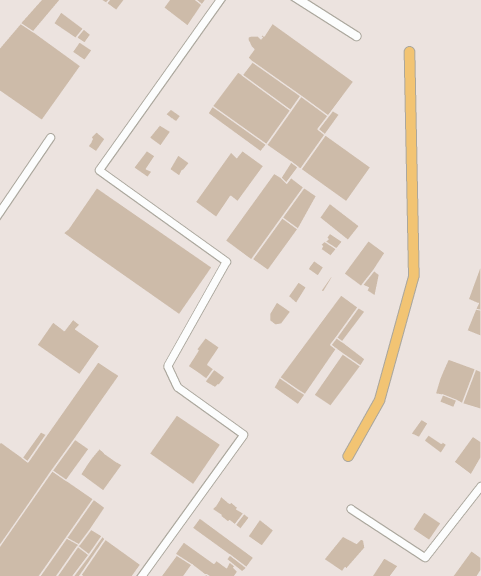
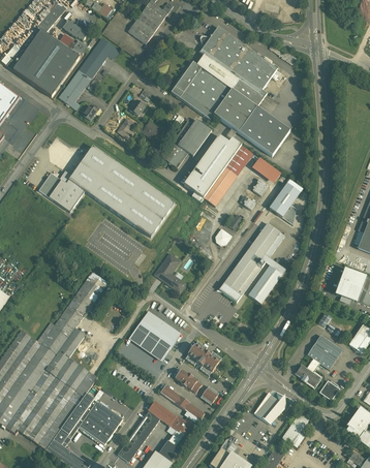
building: none -> [128,14,157,42]
building: none -> [59,36,120,110]
building: [37,319,100,375] -> [39,170,85,211]
building: [81,448,122,491] -> none
building: none -> [296,334,342,387]
building: none -> [185,340,221,374]

